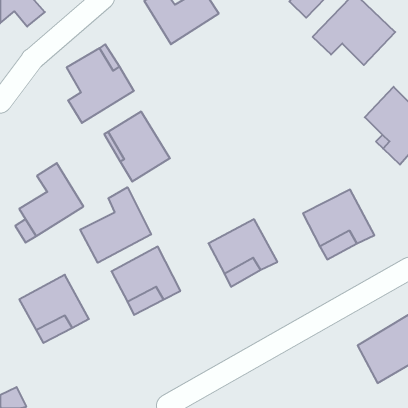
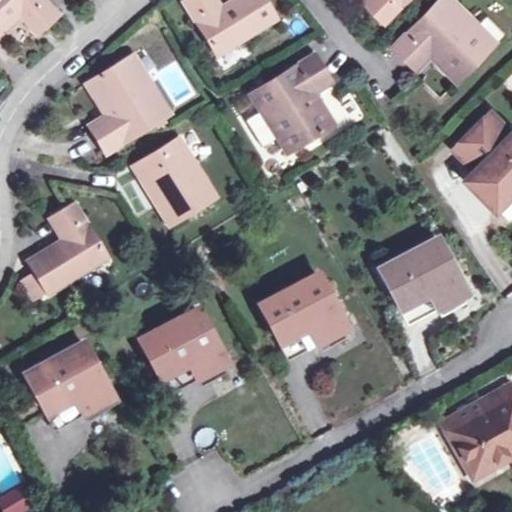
building: none -> [248,52,334,153]
building: [80,187,151,263] -> none

